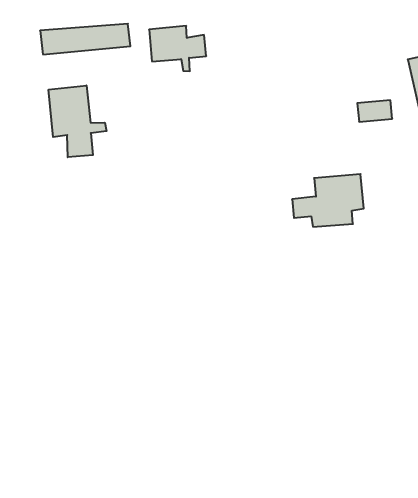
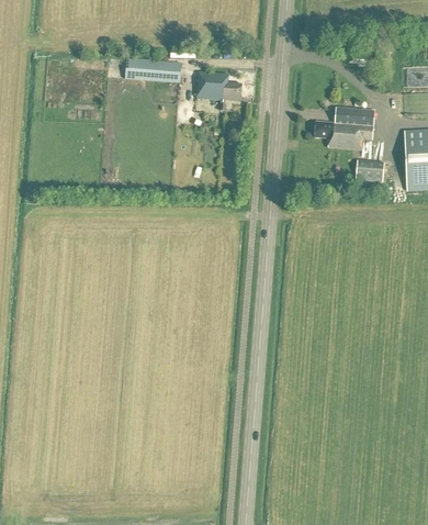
building: [49,85,107,157] -> none
building: [292,174,364,227] -> [314,107,374,149]

